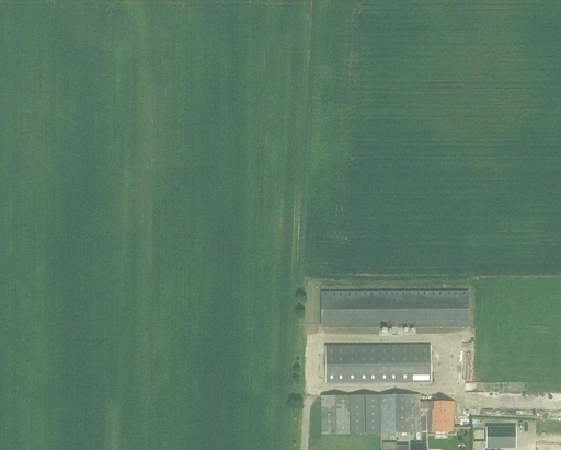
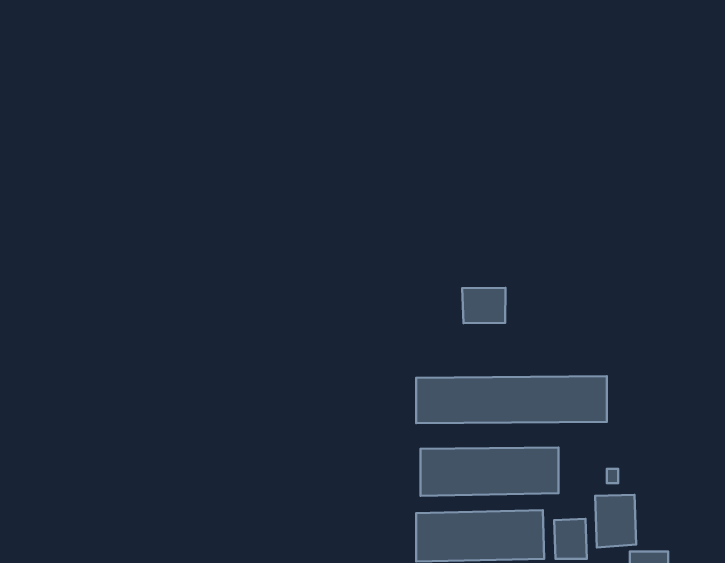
building: none -> [462,288,505,323]
building: none -> [595,495,636,547]

